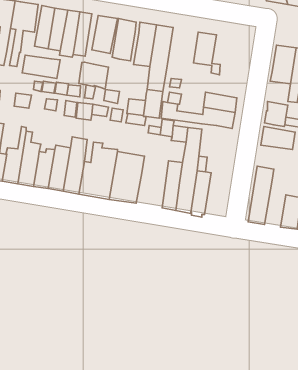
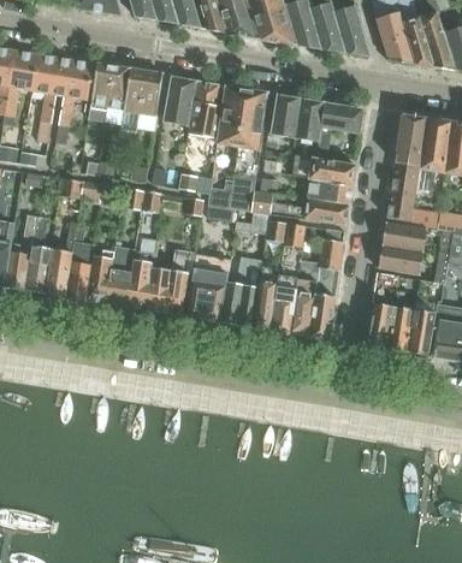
building: none -> [267,94,301,147]
building: none -> [319,102,363,141]
building: [22,55,60,78] -> none
building: [79,62,109,89] -> none
building: none -> [292,154,355,184]
building: none -> [391,162,421,194]
building: none -> [309,238,343,339]
building: none -> [379,245,424,274]
building: none -> [220,256,263,327]
building: none -> [387,291,415,352]

